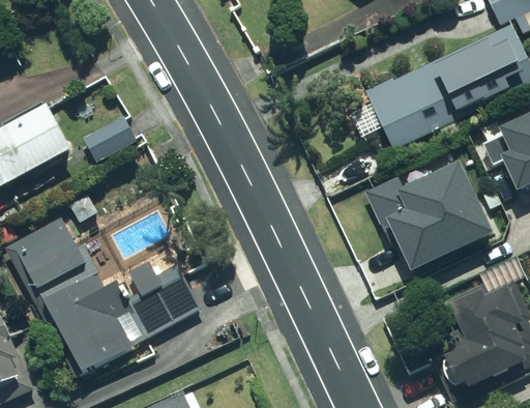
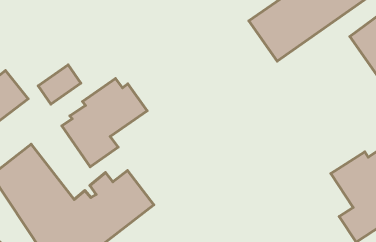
building: none -> [62,79,147,167]
building: [367,161,492,272] -> none

